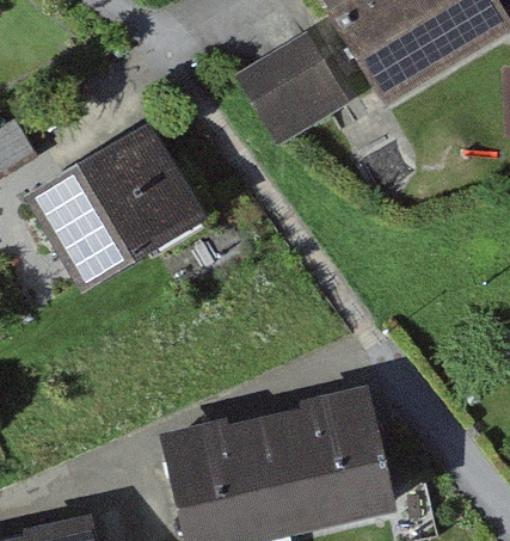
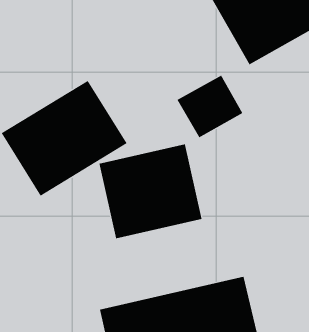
building: [254,39,350,130] -> [177,75,243,138]
building: none -> [99,144,202,239]

